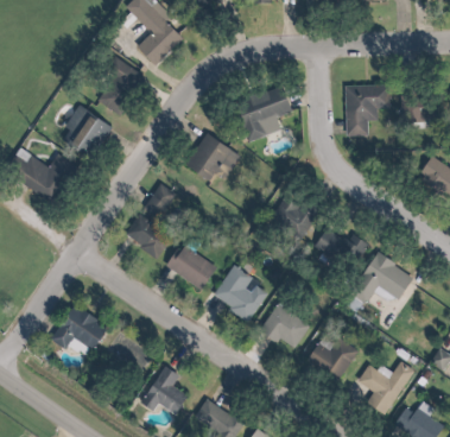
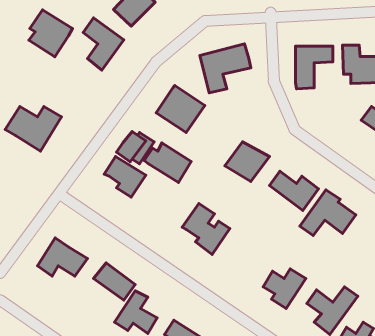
building: [62,104,112,158] -> [29,10,73,57]
building: [165,246,218,291] -> [144,143,191,182]
building: [259,303,312,350] -> none

